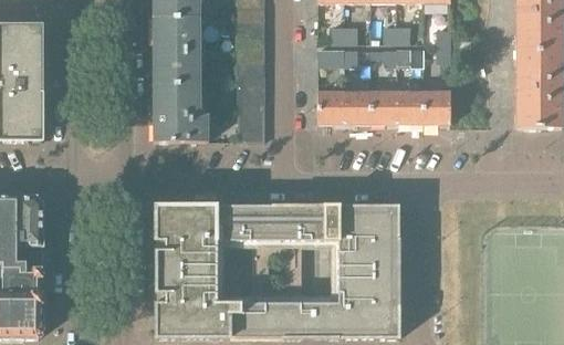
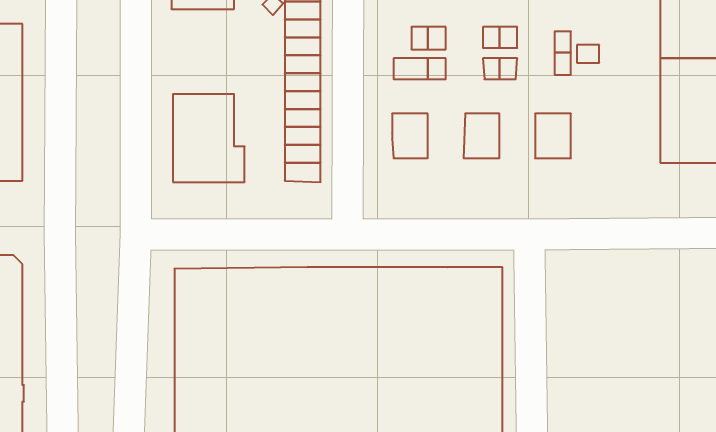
building: [153,13,199,76] -> none
building: [343,91,370,124] -> none
building: [396,91,422,124] -> none

